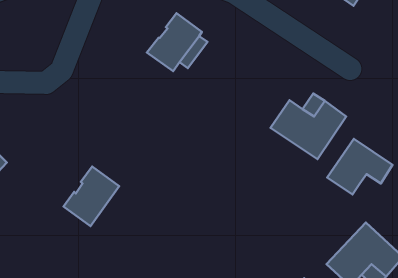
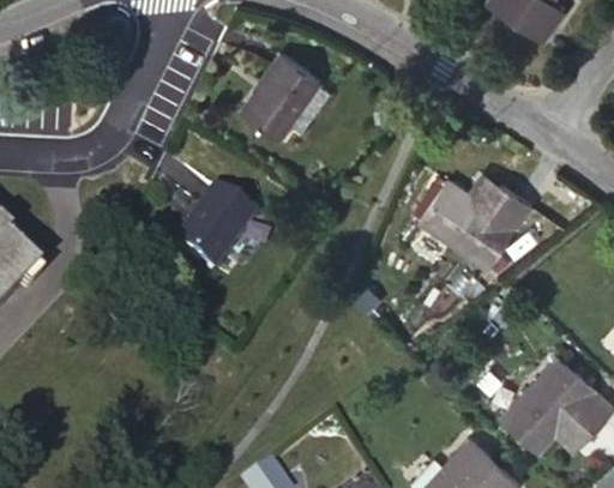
building: [327,139,392,195] -> none
building: [63,166,119,226] -> [170,188,252,276]

